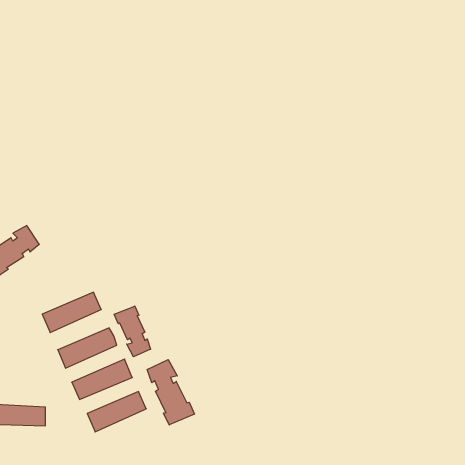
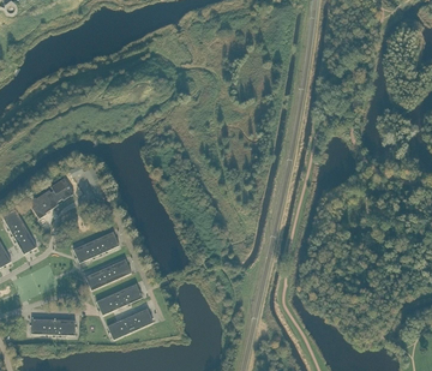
building: [114,306,151,357] -> none
building: [147,360,195,425] -> none

